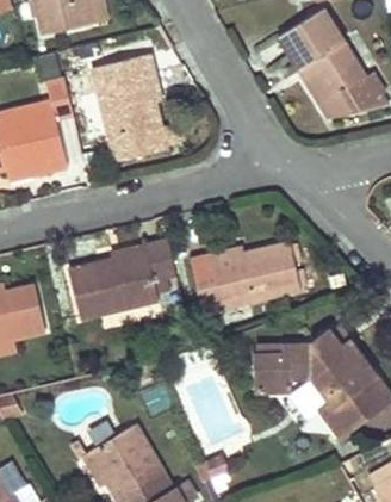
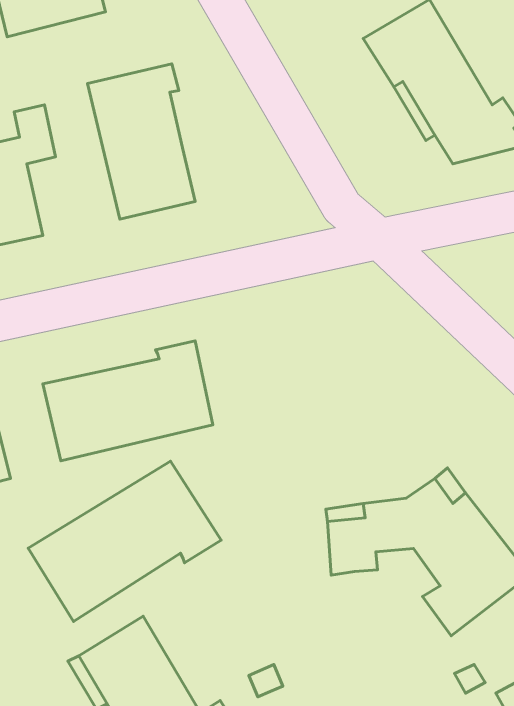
building: [192,242,303,310] -> none
building: none -> [28,461,221,622]

